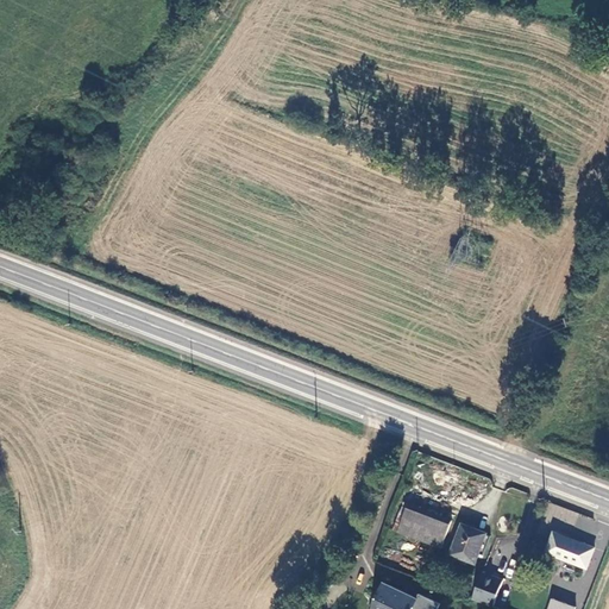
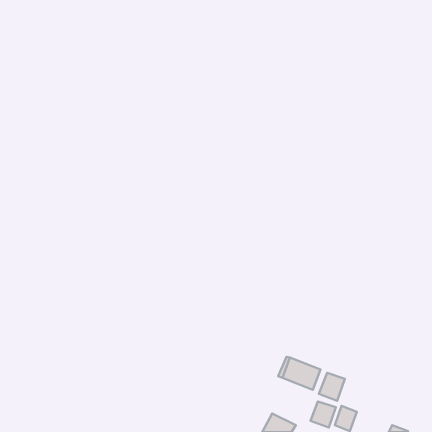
building: [545,532,594,569] -> none
building: none -> [311,402,336,428]

